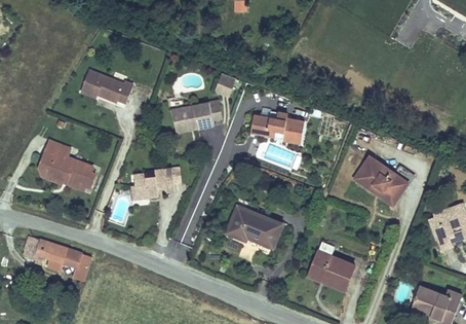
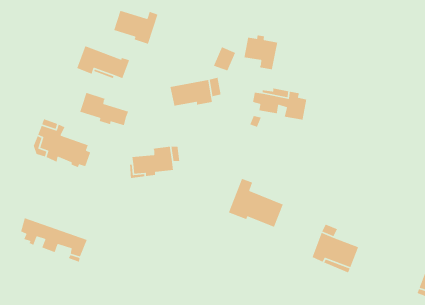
building: none -> [113,10,158,45]
building: none -> [243,35,278,70]
building: none -> [79,92,129,126]
building: [354,156,413,205] -> none

